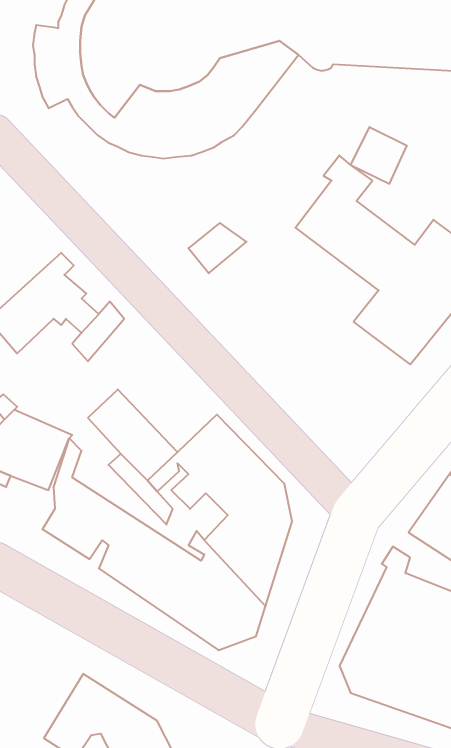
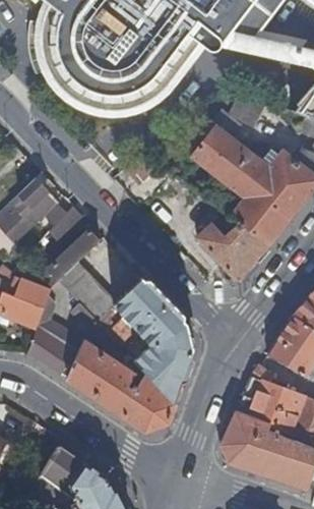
building: none -> [197,225,267,280]
building: none -> [44,232,99,285]

